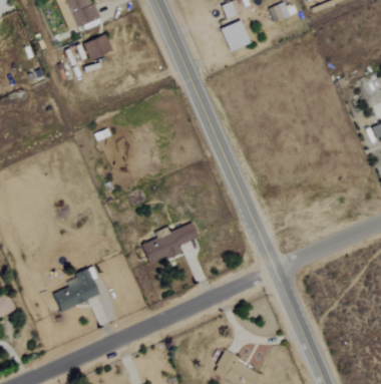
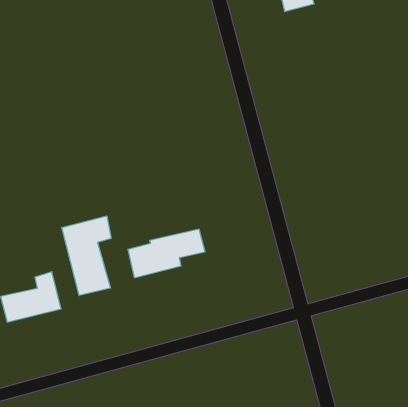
building: none -> [62,216,111,296]

